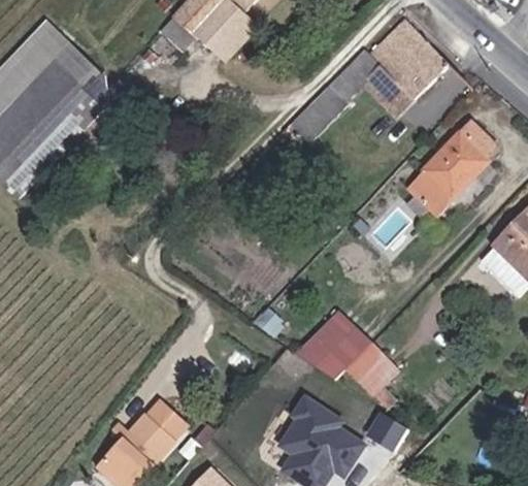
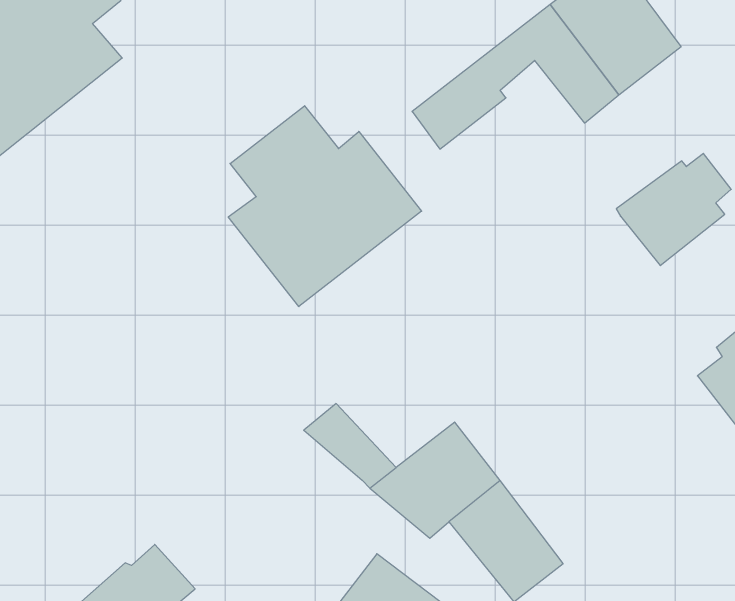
building: none -> [228,106,422,307]
building: [408,171,452,215] -> none

